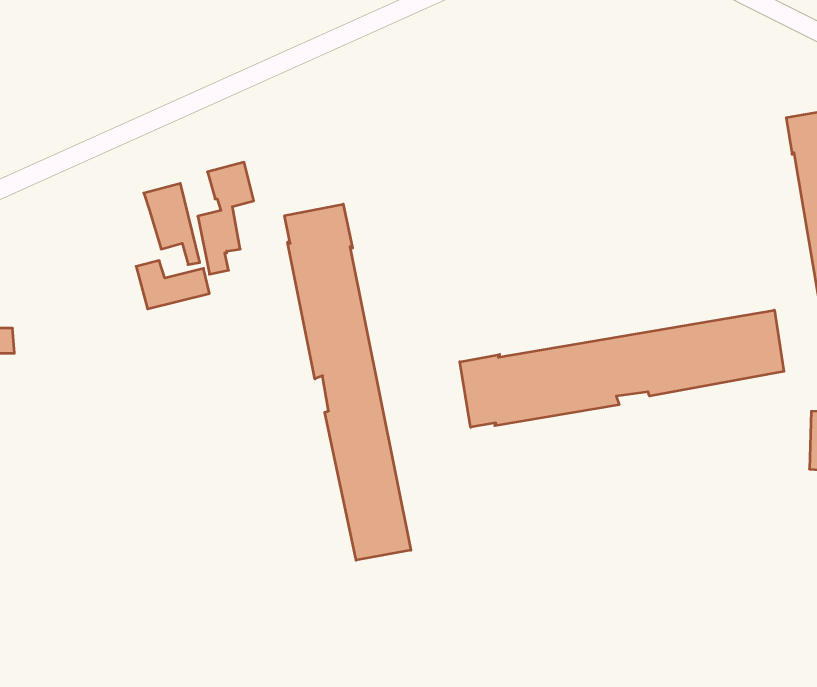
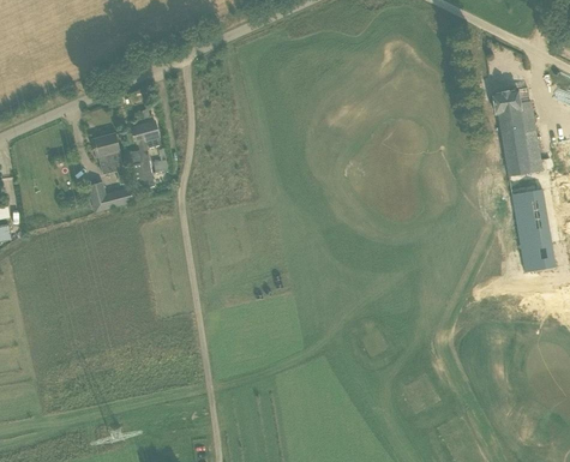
building: [285,204,411,560] -> none
building: [460,310,784,427] -> none

